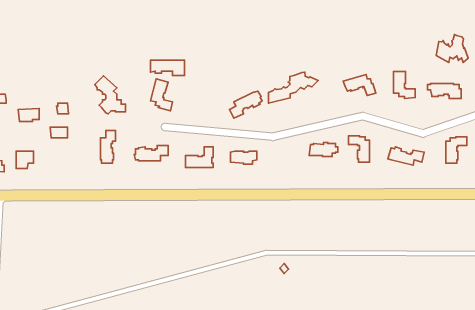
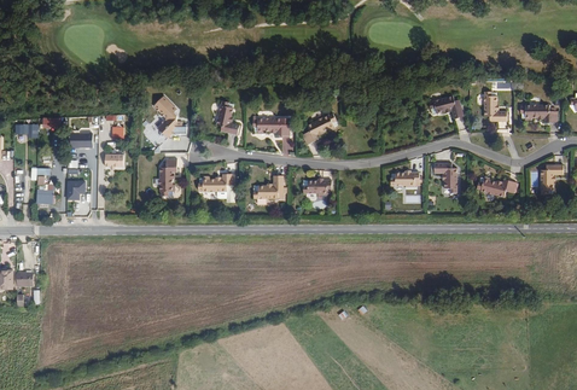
building: [436,34,468,62] -> none
building: [151,60,185,75] -> [252,117,290,134]
building: [268,72,318,103] -> none

